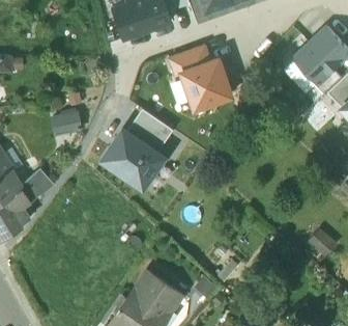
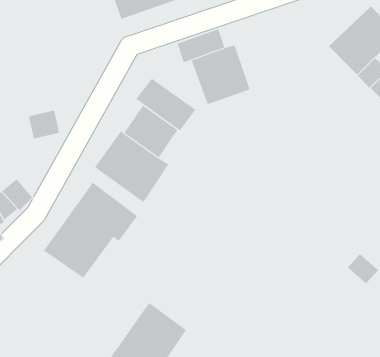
building: none -> [135,78,196,131]
building: none -> [43,182,138,278]

